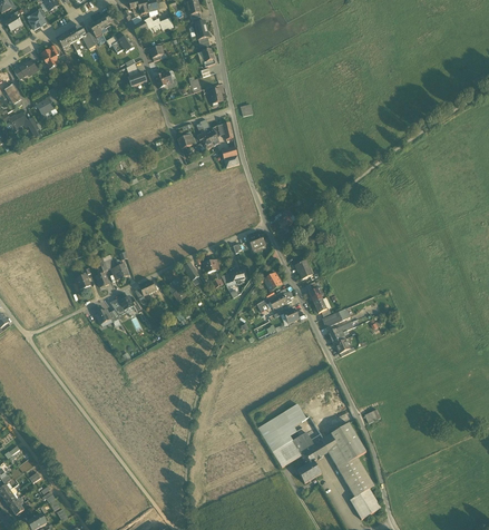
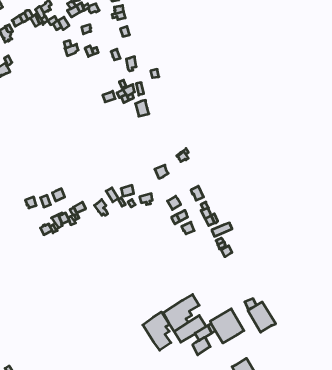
building: none -> [143,312,171,350]
building: [336,457,373,497] -> [248,302,276,332]

